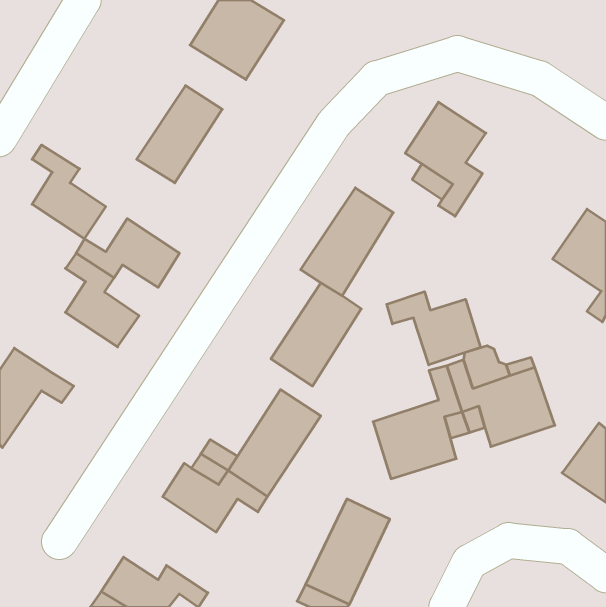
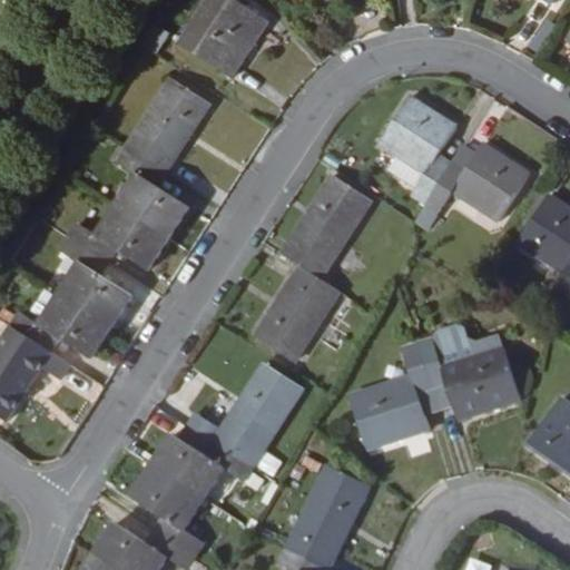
building: [32,145,106,239] -> [119,149,188,237]
building: none -> [426,144,528,219]
building: [387,292,481,365] -> none
building: none -> [13,293,110,356]
building: none -> [132,465,203,556]

